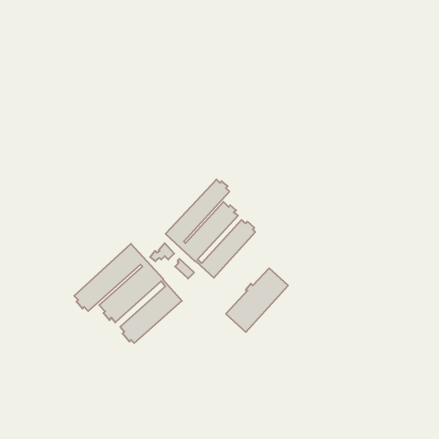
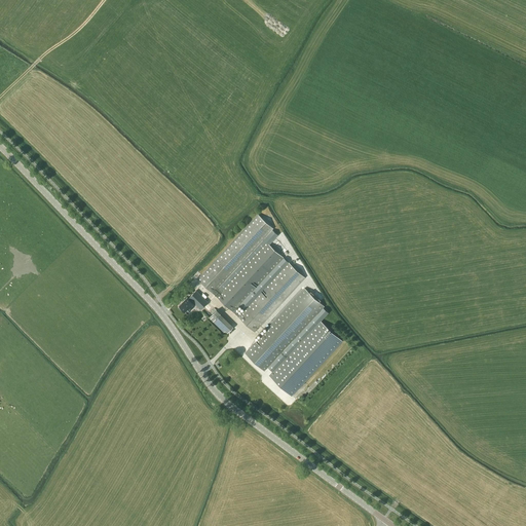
building: none -> [247,290,327,373]
building: [74,244,182,343] -> none

